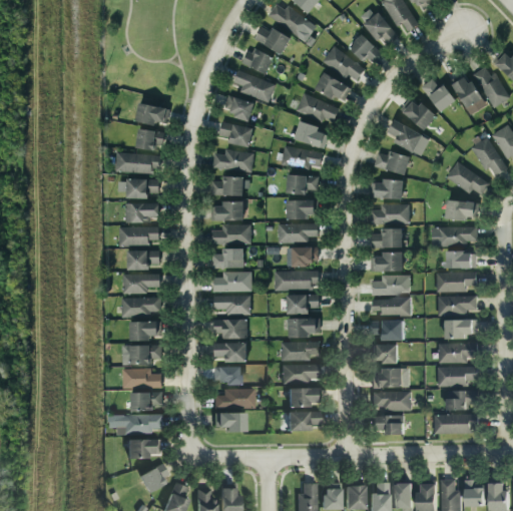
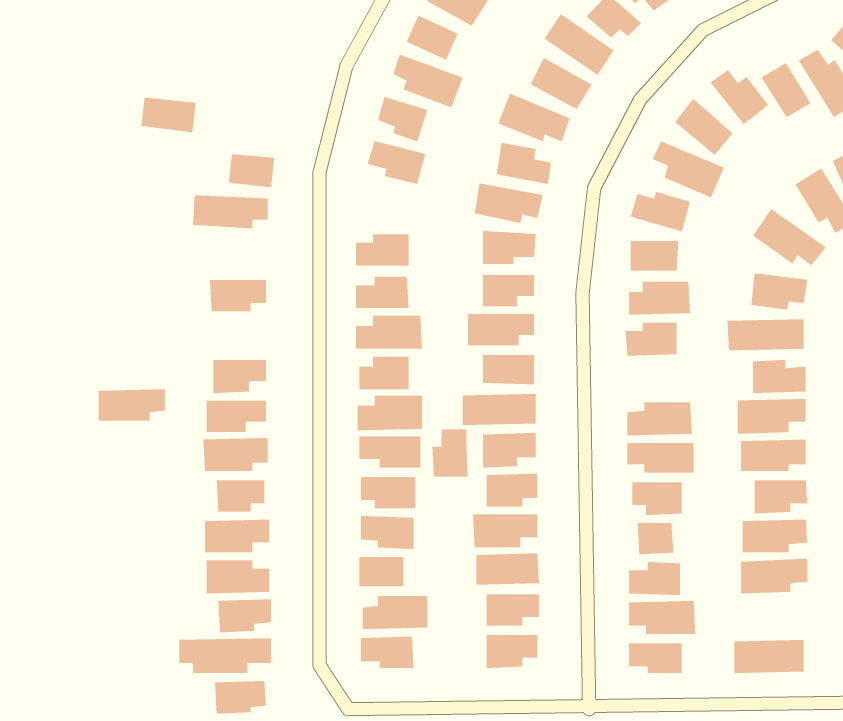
building: [136,103,169,124] -> [141,97,197,133]
building: [212,148,253,171] -> none
building: [126,178,159,197] -> none
building: [119,225,159,244] -> [98,389,166,421]
building: [371,250,403,271] -> none
building: none -> [432,429,468,478]
building: [448,392,479,411] -> none

